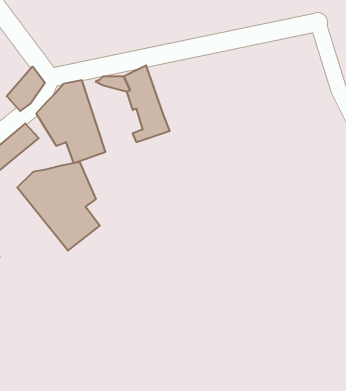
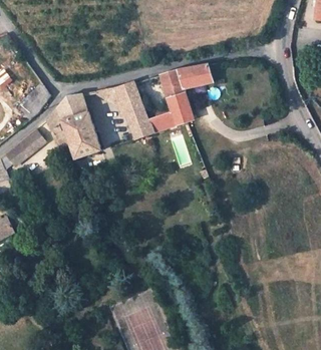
building: none -> [147,63,213,133]
building: [17,162,100,251] -> none

